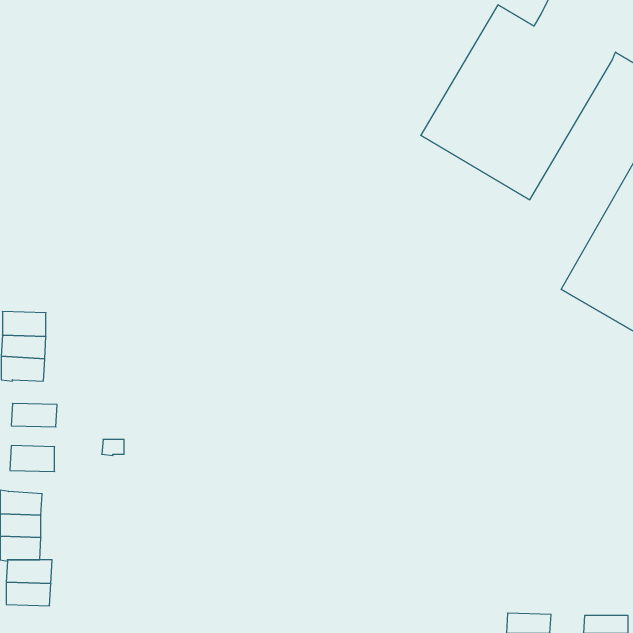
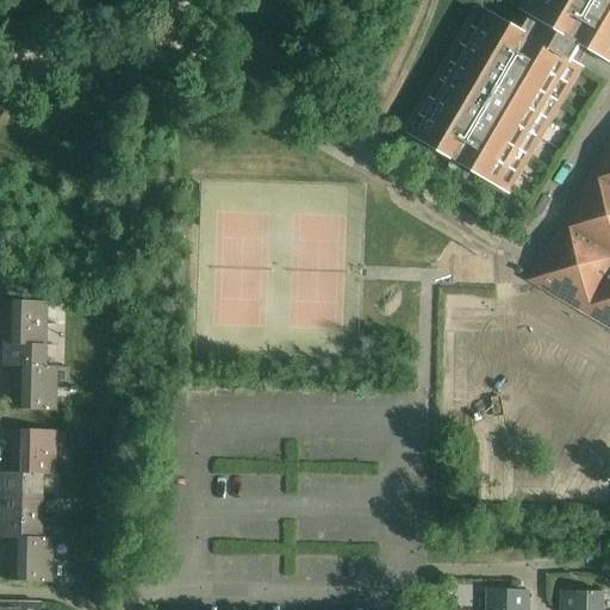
building: none -> [13,365,56,388]
building: none -> [10,452,54,474]

